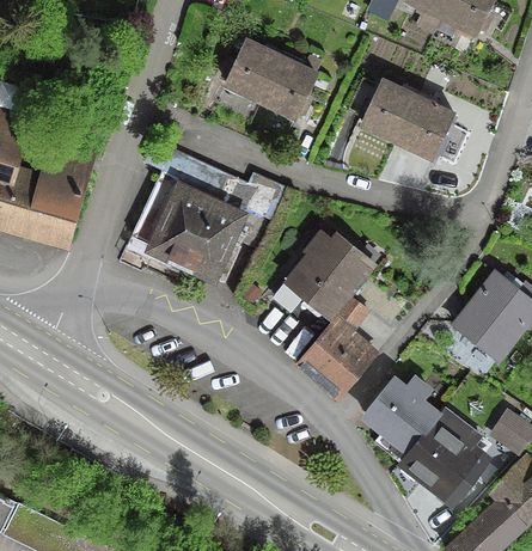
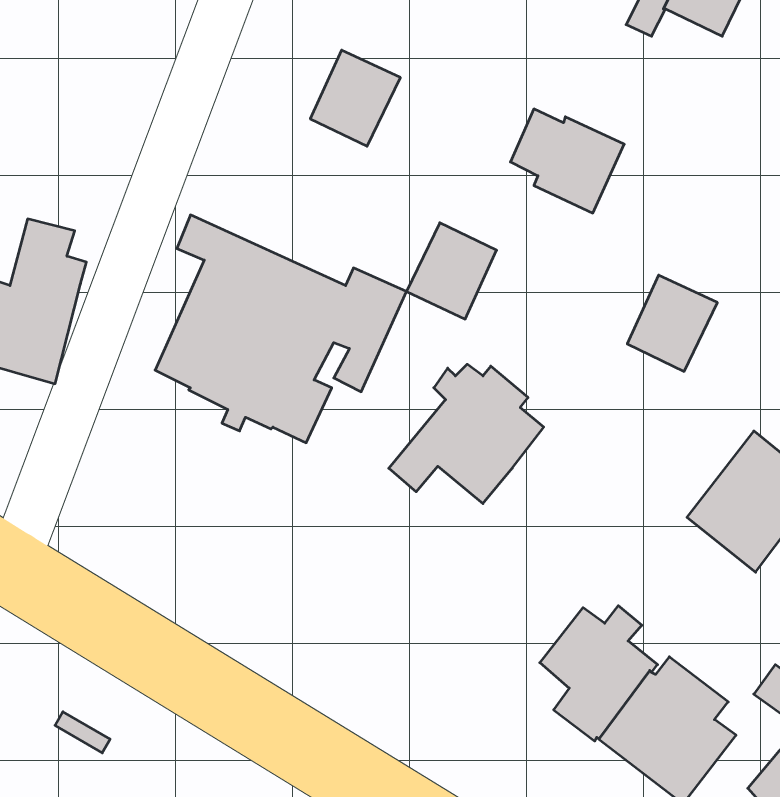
building: [261,59,316,117] -> [406,223,497,319]
building: [398,99,453,158] -> [627,275,717,371]
building: [296,296,375,399] -> none

